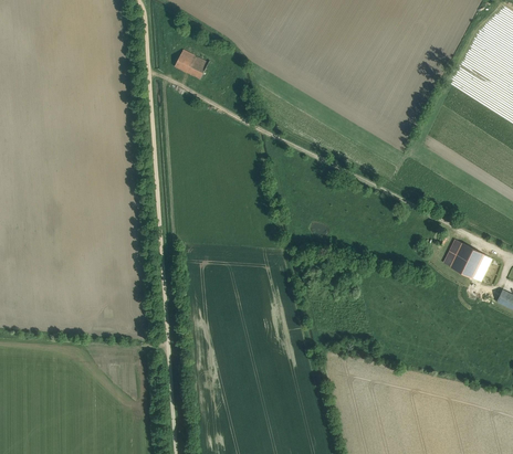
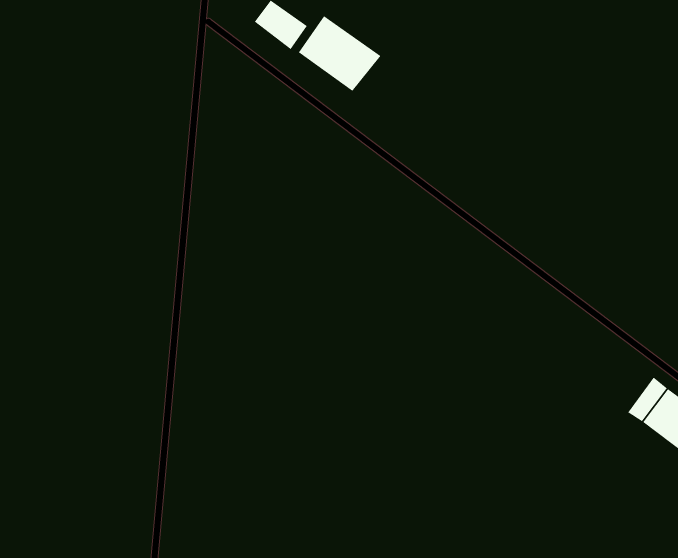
building: none -> [298,15,381,92]

